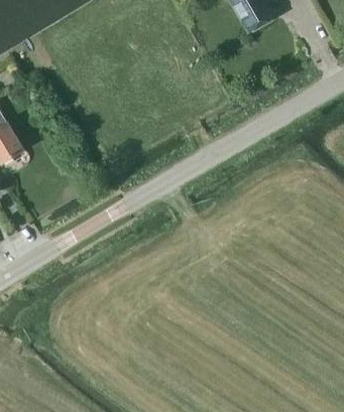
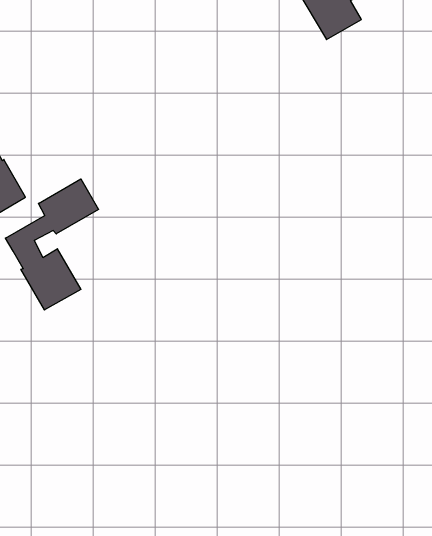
building: none -> [5,179,99,310]

